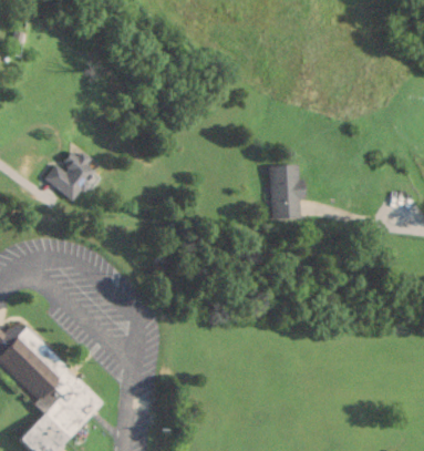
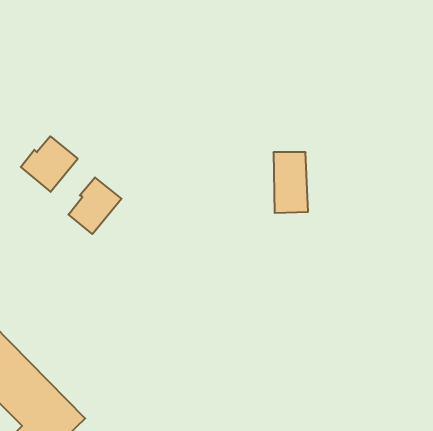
building: none -> [68,177,122,234]

